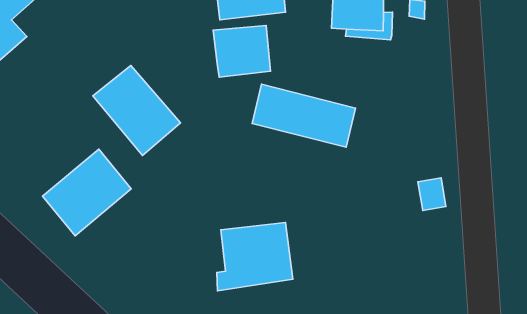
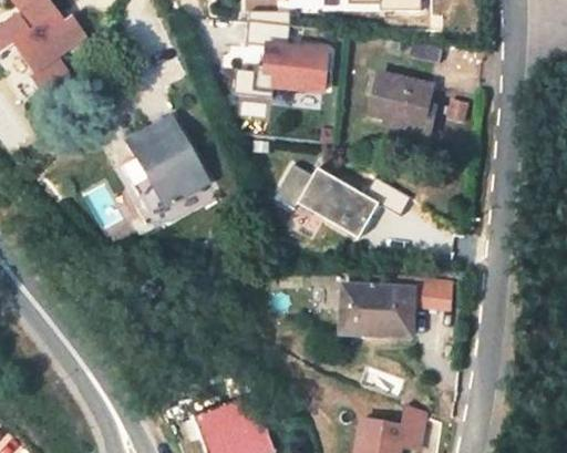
building: [213,25,271,77] -> none
building: [43,149,131,236] -> none
building: [217,222,293,291] -> [334,277,412,337]

